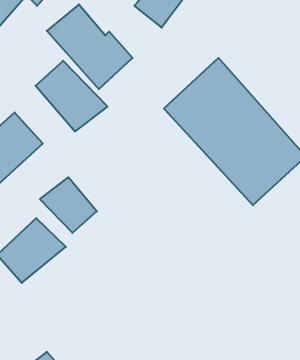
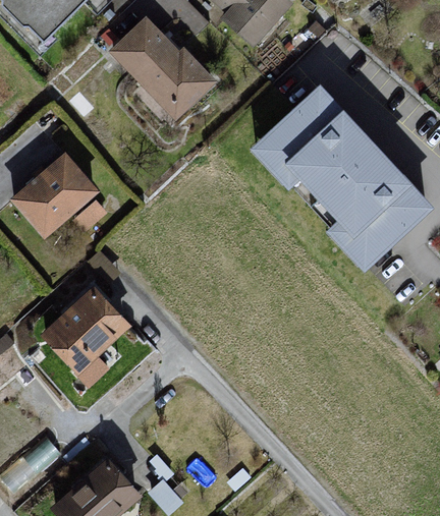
building: [35,61,107,131] -> none
building: [40,177,97,233] -> none

